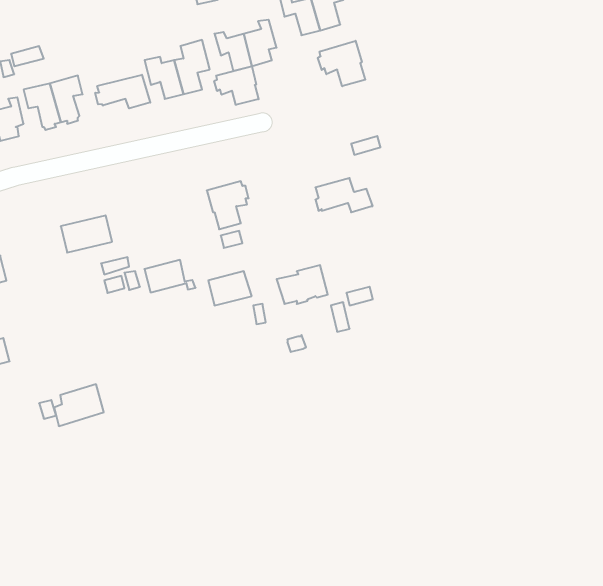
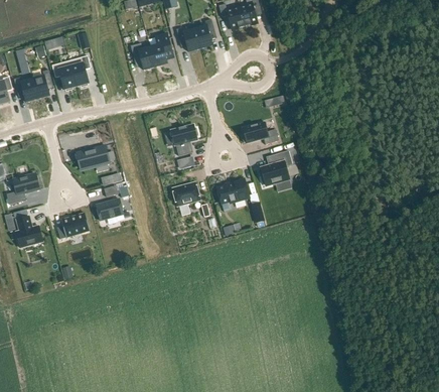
building: [318,41,365,86] -> none
building: [214,66,259,105] -> none
building: [95,75,150,108] -> none
building: none -> [260,150,291,184]
building: [144,260,196,292] -> [96,199,129,220]
building: [54,384,104,426] -> [56,212,89,239]

